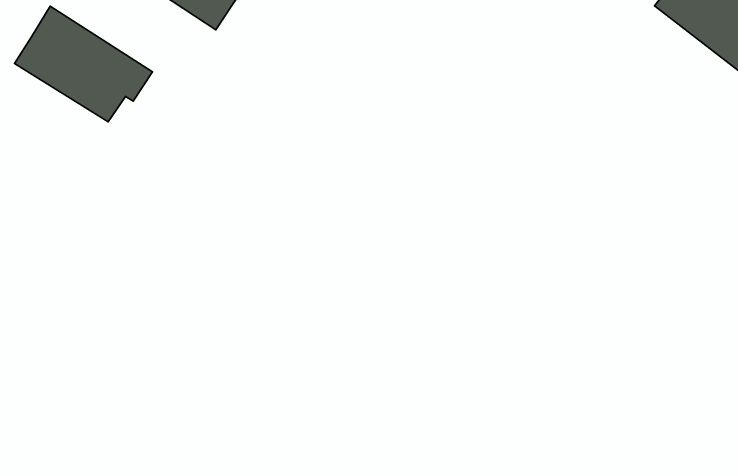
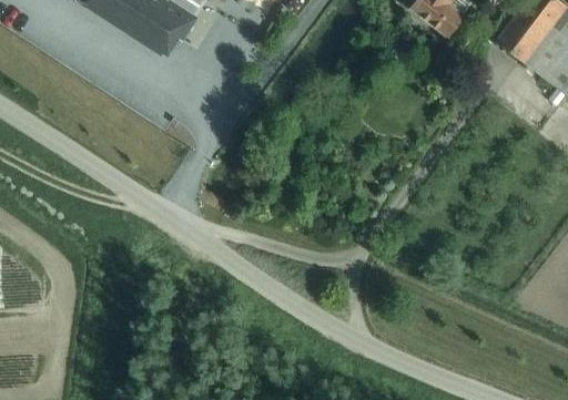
building: [14,6,152,122] -> none

